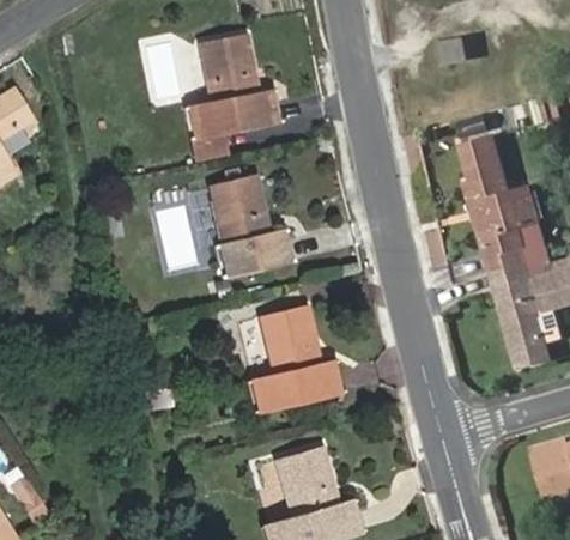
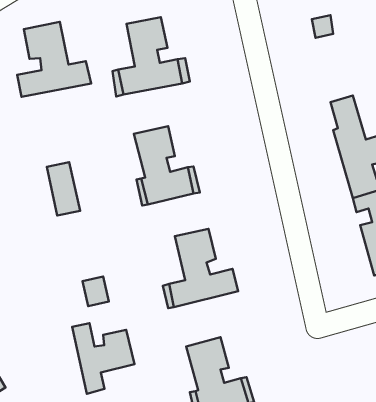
building: none -> [17,22,91,97]
building: [156,201,199,269] -> [47,162,80,215]
building: none -> [72,323,134,394]

